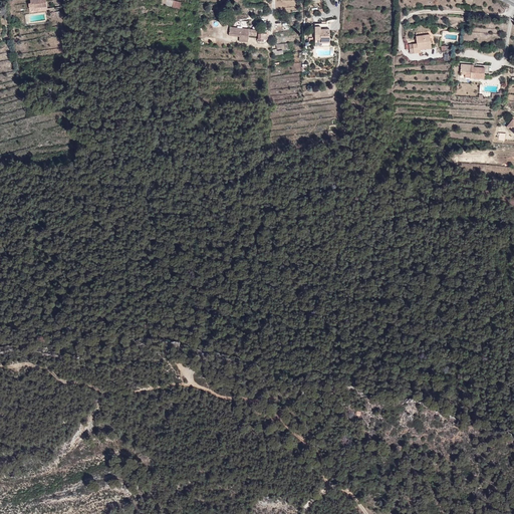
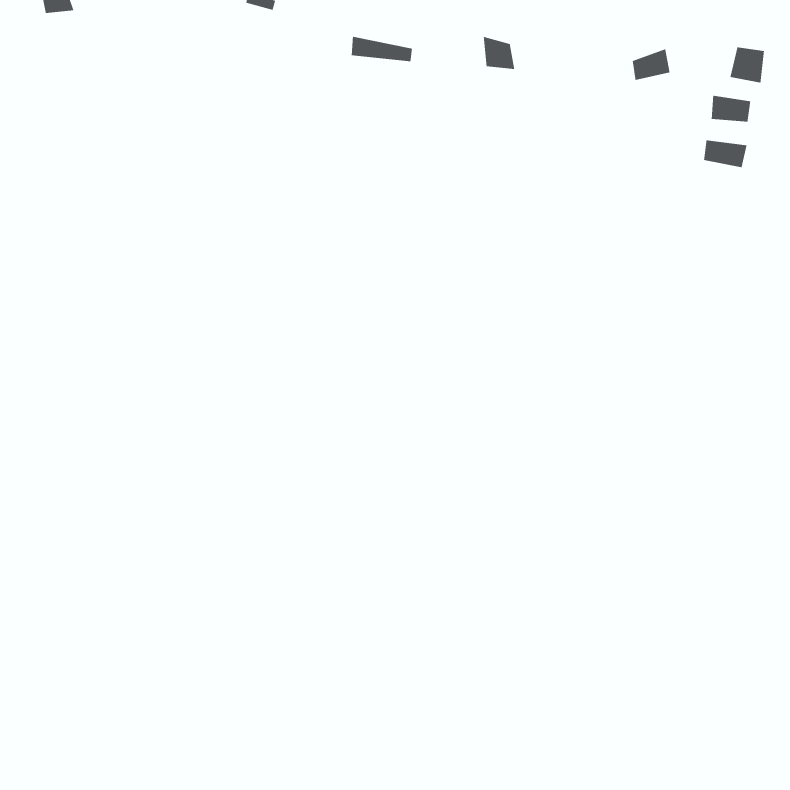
building: none -> [729,46,765,84]
building: none -> [703,140,748,168]

